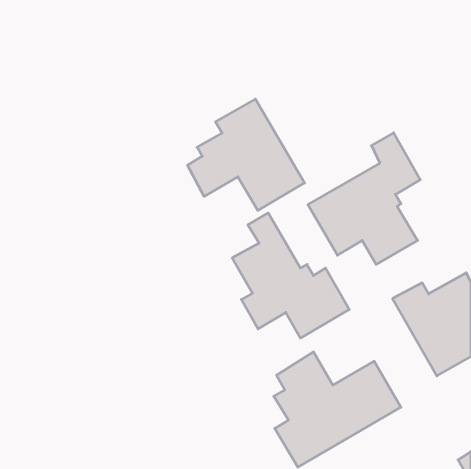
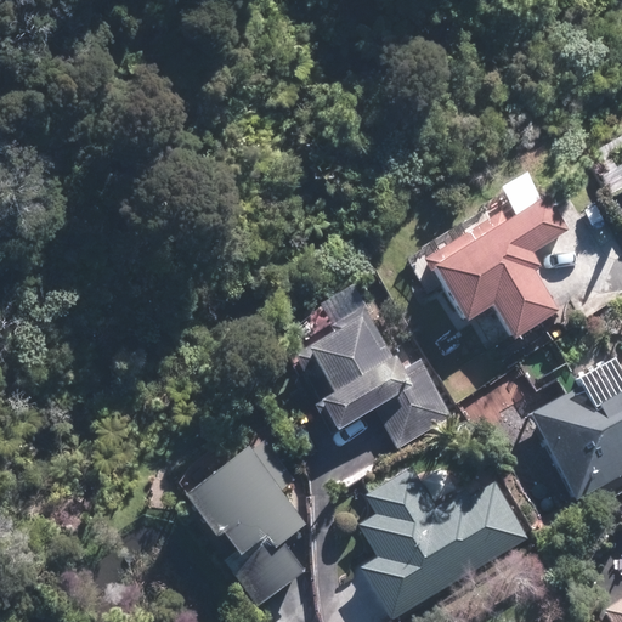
building: [188,99,305,210] -> none
building: none -> [187,442,310,607]

